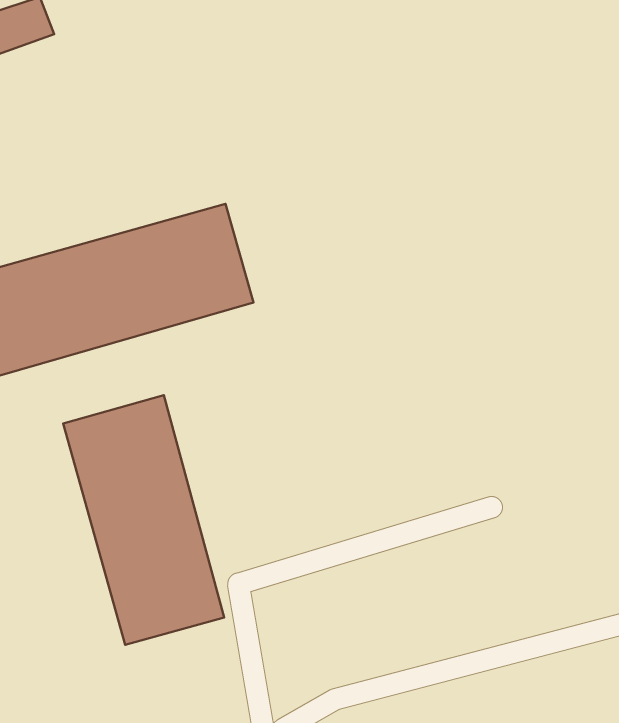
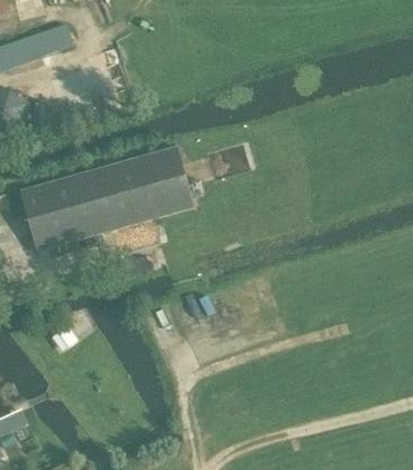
building: [63,395,224,645] -> none

